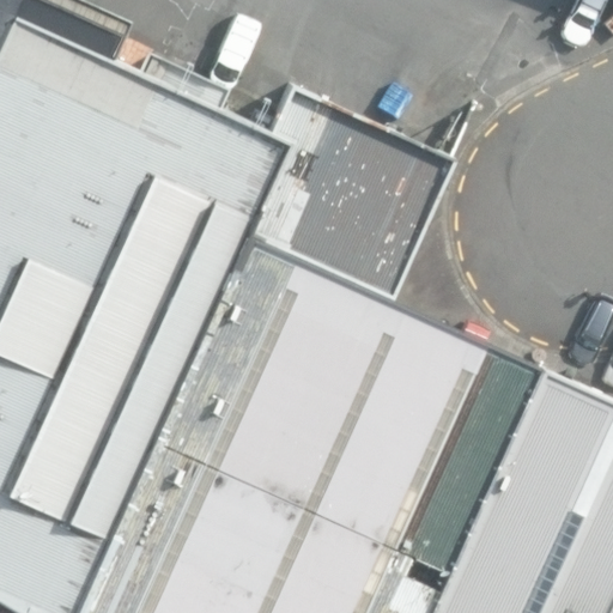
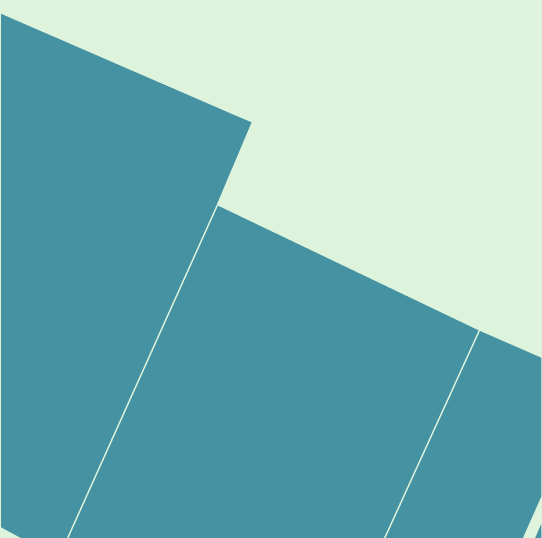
building: [245,95,447,303] -> none

